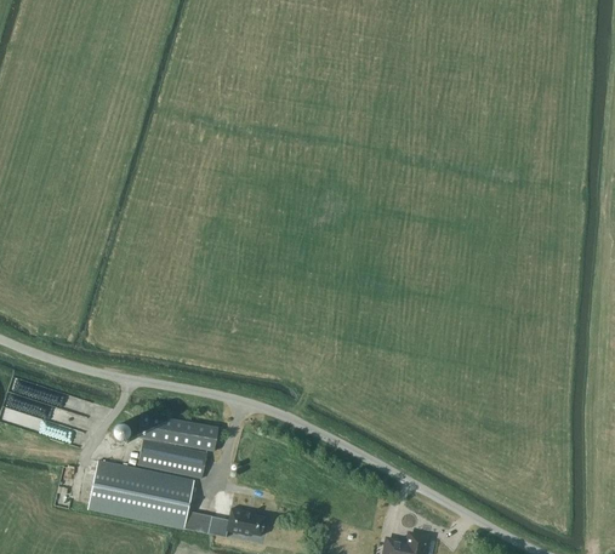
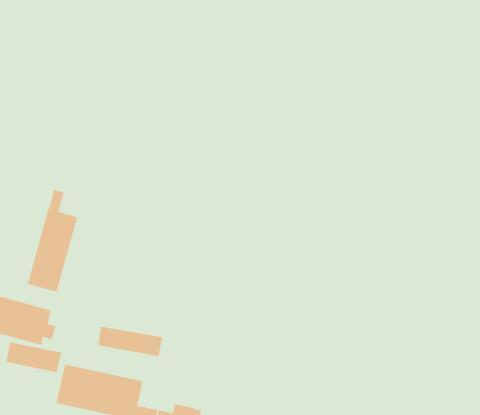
building: none -> [27,189,78,292]
building: [138,440,207,479] -> [5,341,62,373]

